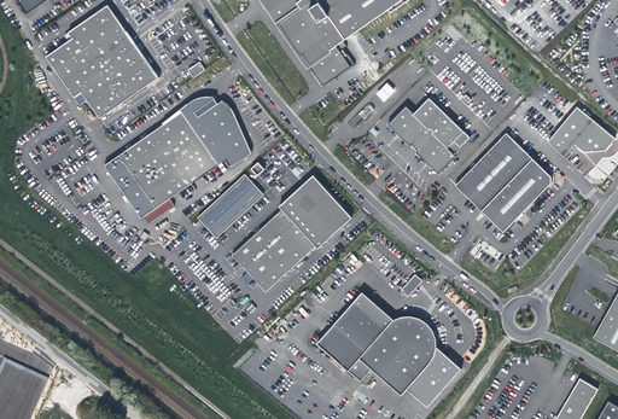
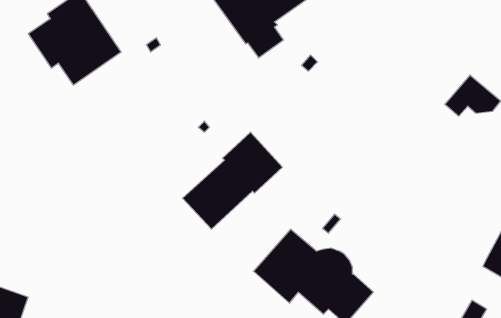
building: [386,95,468,174] -> none
building: [104,97,251,219] -> none
building: [455,133,550,232] -> none
building: [197,175,262,237] -> none

